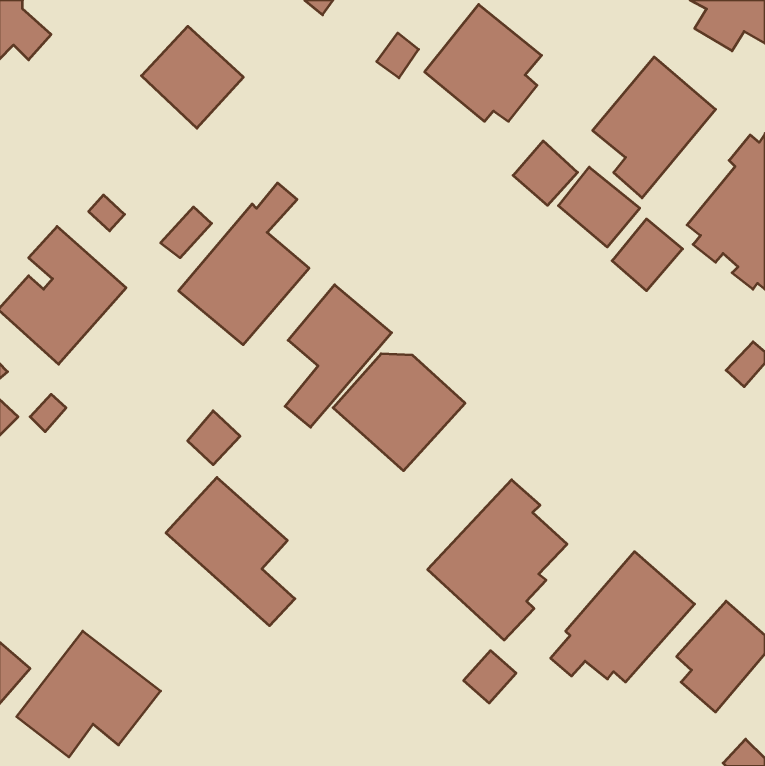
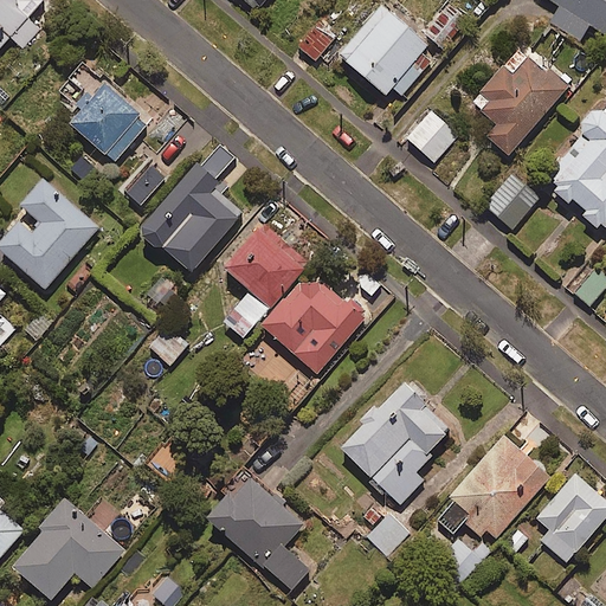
building: [141,26,243,128] -> [70,80,150,161]
building: [558,167,640,247] -> none
building: [166,477,295,626] -> [209,473,311,591]

